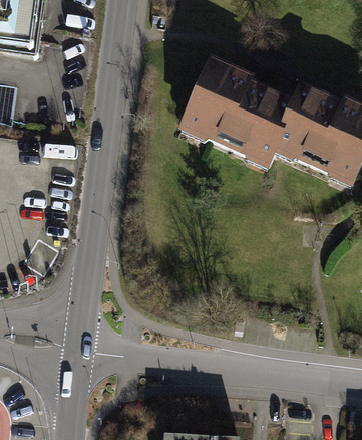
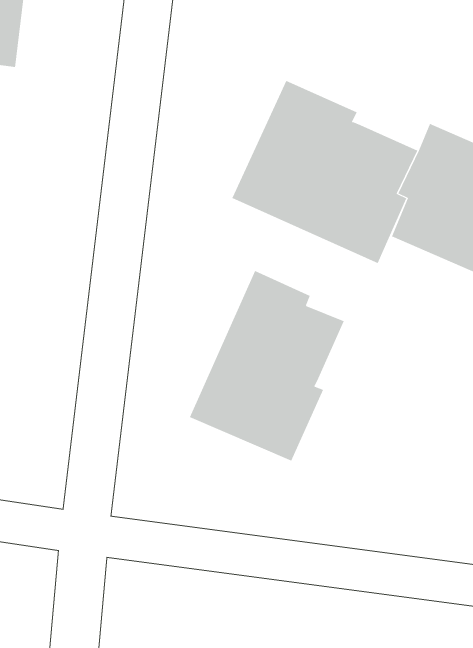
building: none -> [189,270,345,461]

